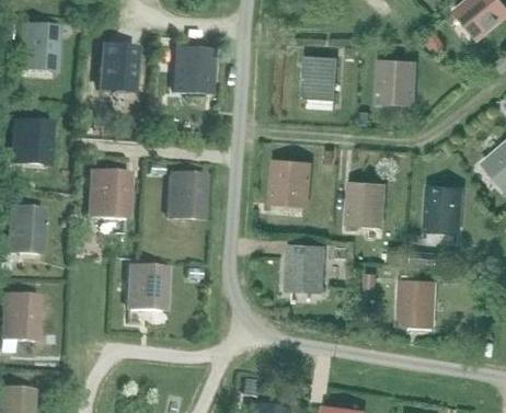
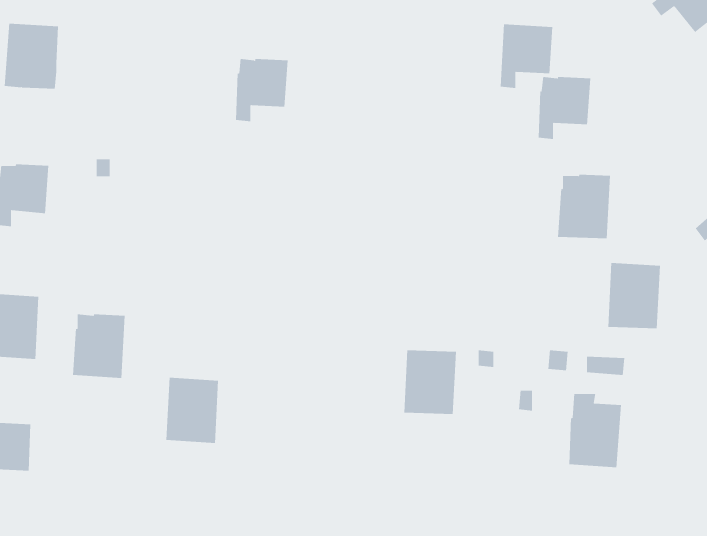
building: [99,44,135,90] -> none
building: [303,55,340,99] -> [500,24,553,88]
building: [274,161,311,203] -> none
building: [90,172,126,216] -> [72,314,125,378]
building: [169,173,205,216] -> none
building: [349,182,386,226] -> [557,174,611,239]

